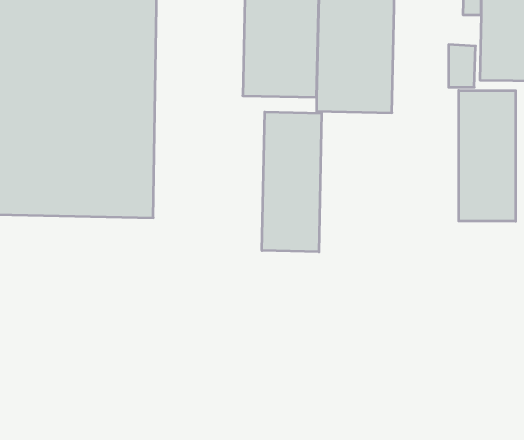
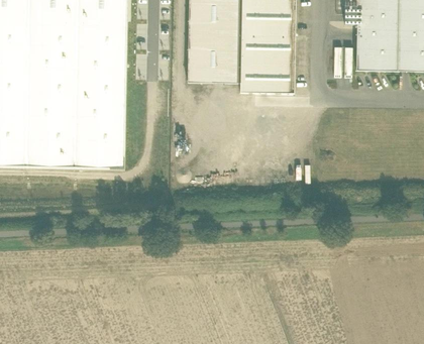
building: [459,90,516,221] -> none
building: [262,112,322,252] -> none

